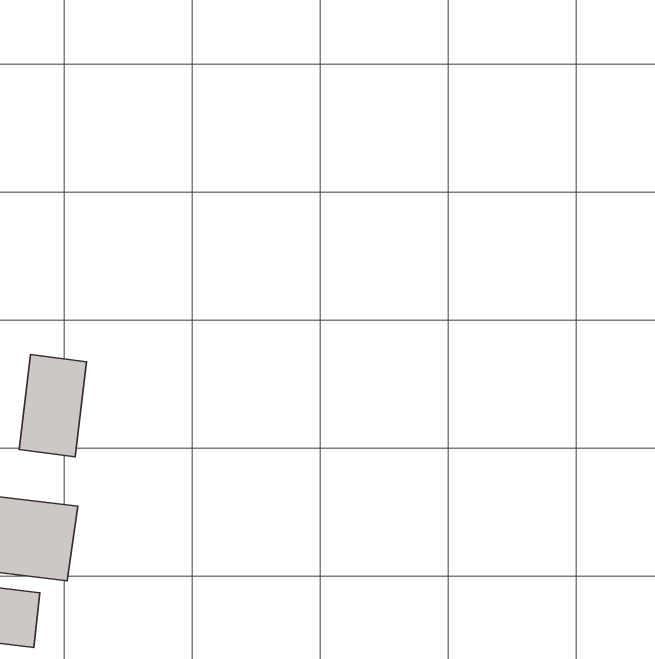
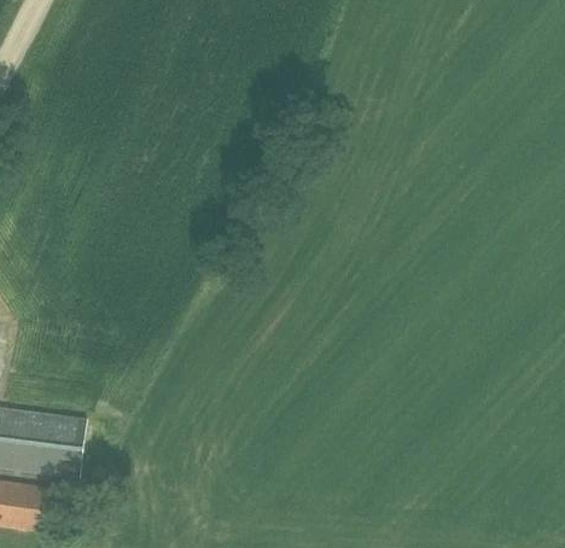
building: [19,355,86,457] -> none

